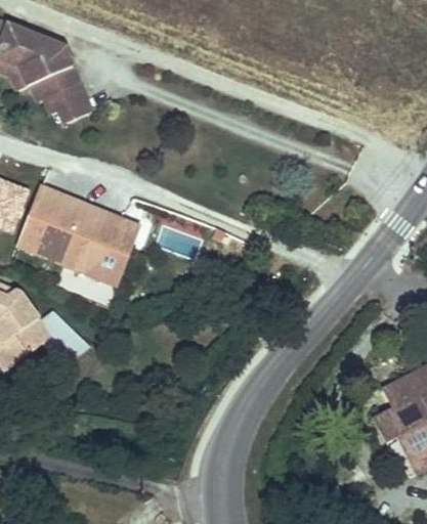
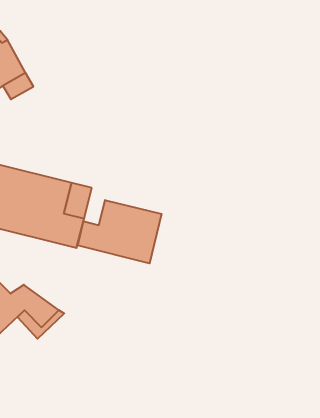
building: none -> [78,200,162,263]

